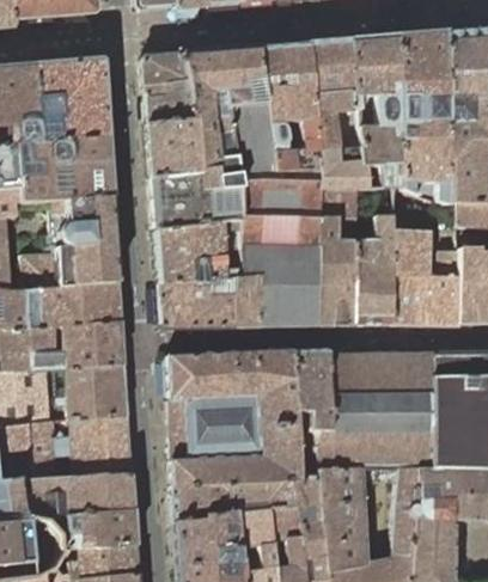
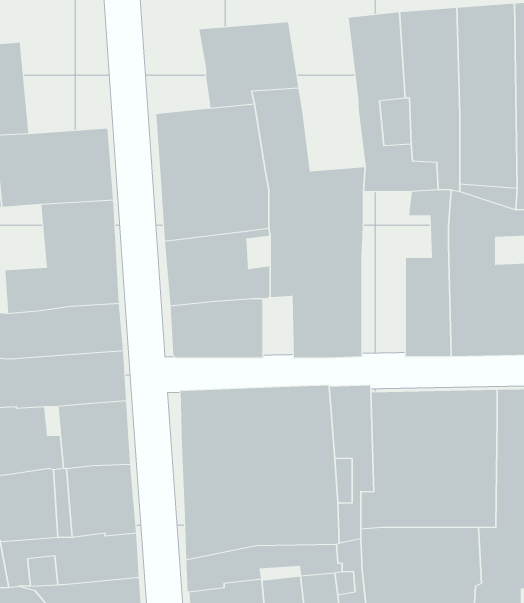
building: [258,44,322,172] -> none
building: [142,54,193,124] -> none
building: [35,60,108,141] -> none
building: [319,189,360,326] -> none
building: [237,276,262,327] -> none

